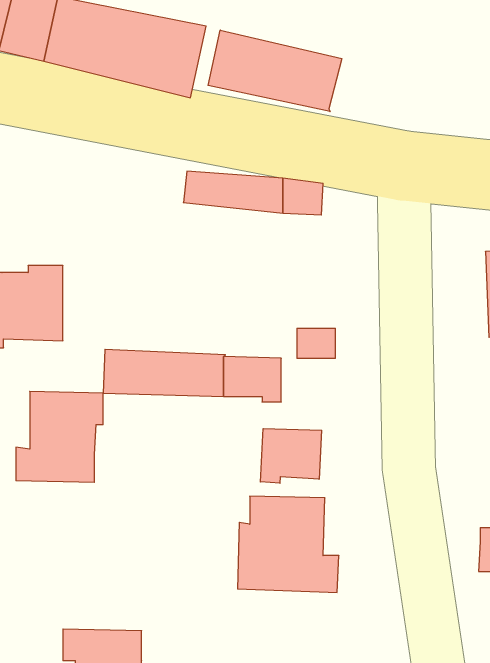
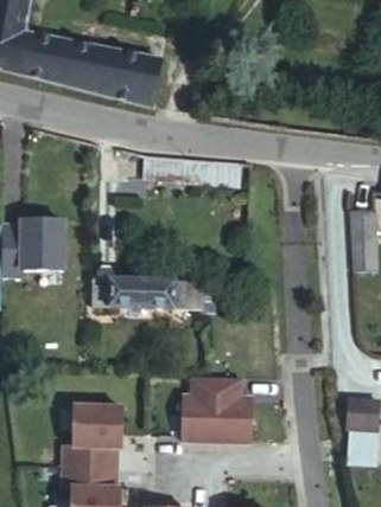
building: [208,30,342,112] -> none
building: [16,391,103,482] -> [63,405,122,467]
building: [260,429,322,483] -> none

